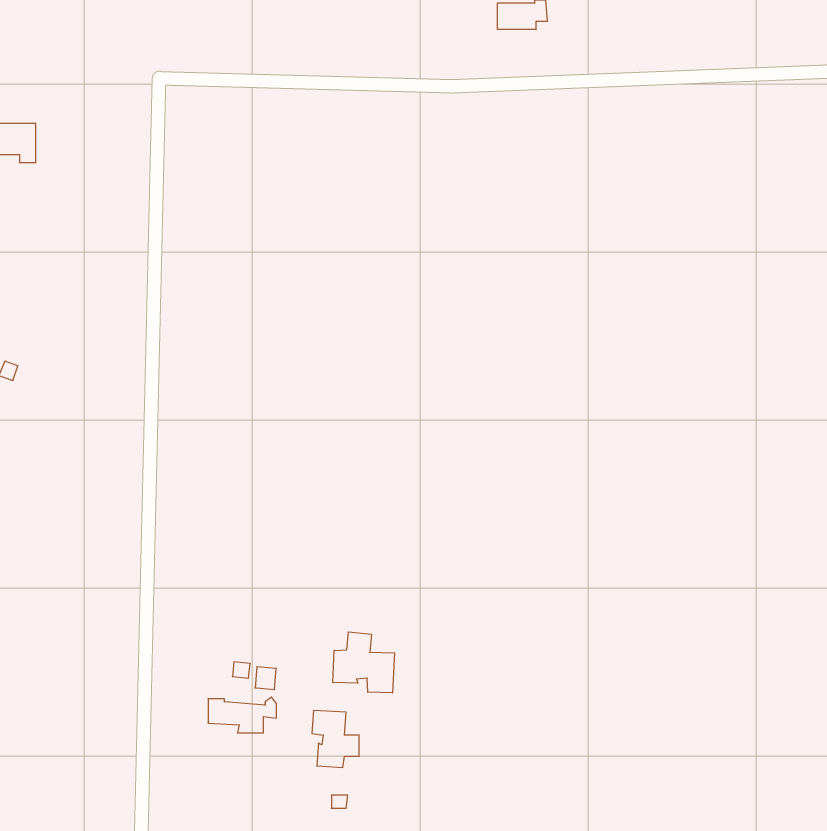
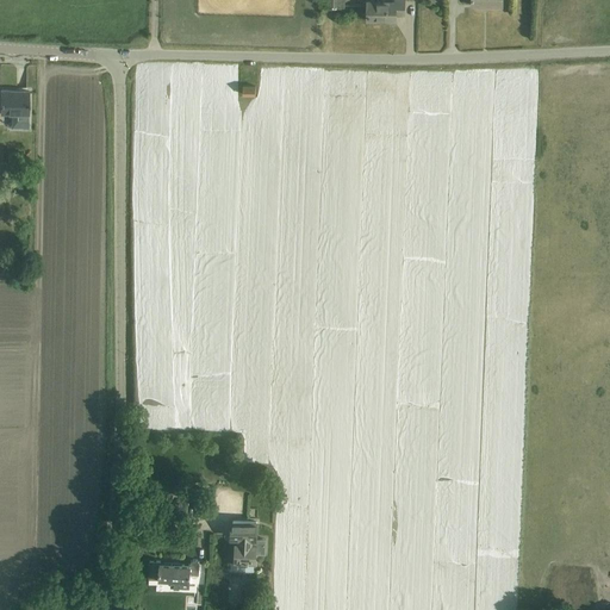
building: [333,632,395,693] -> none
building: [208,697,276,733] -> [147,559,197,585]

